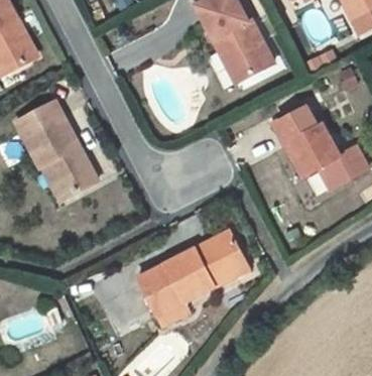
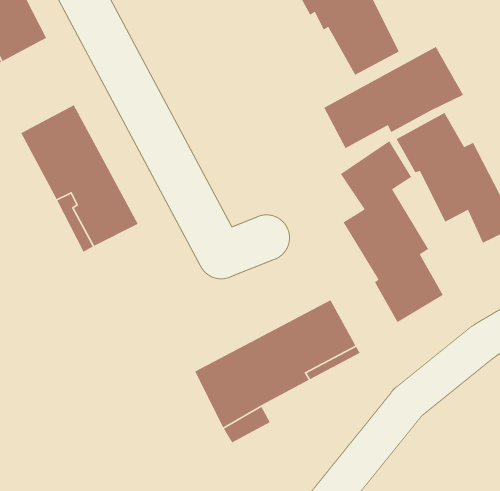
building: none -> [323,46,464,149]
building: none -> [340,140,444,323]

